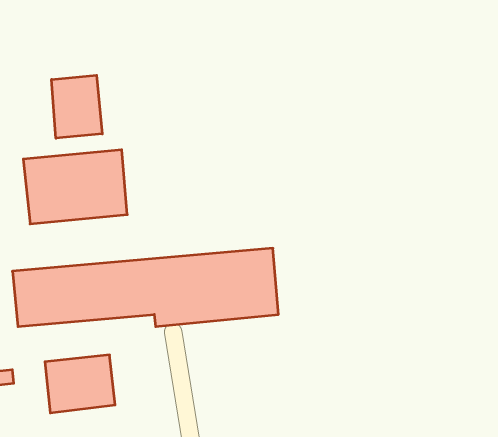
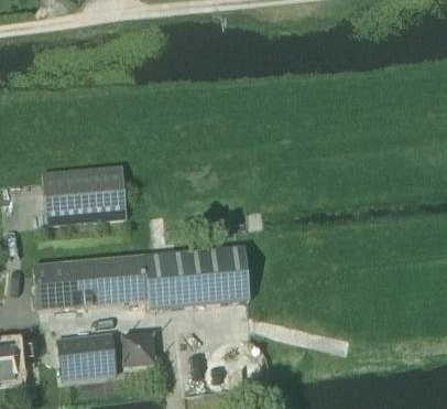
building: [52,75,102,138] -> none
building: none -> [120,330,156,366]

